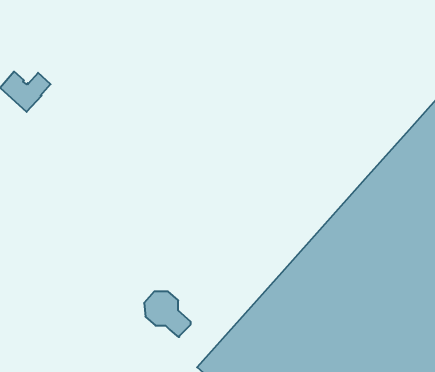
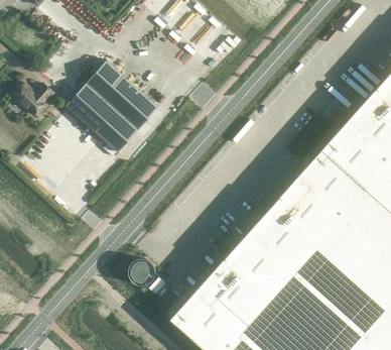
building: none -> [66,61,158,153]

